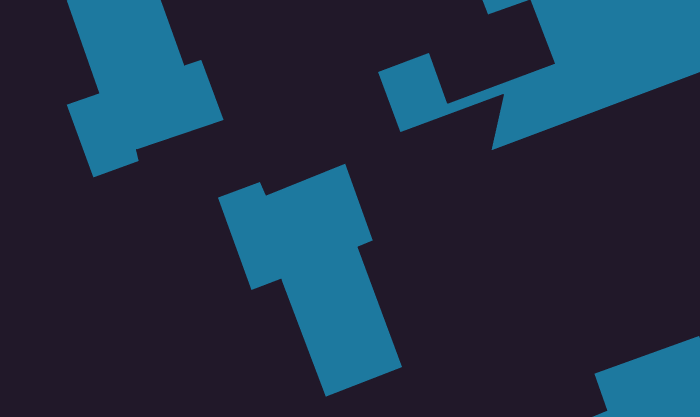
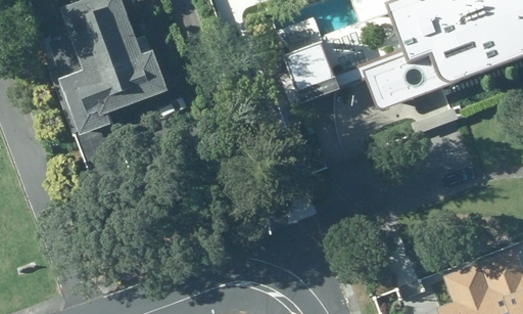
building: [217,163,403,397] -> none

